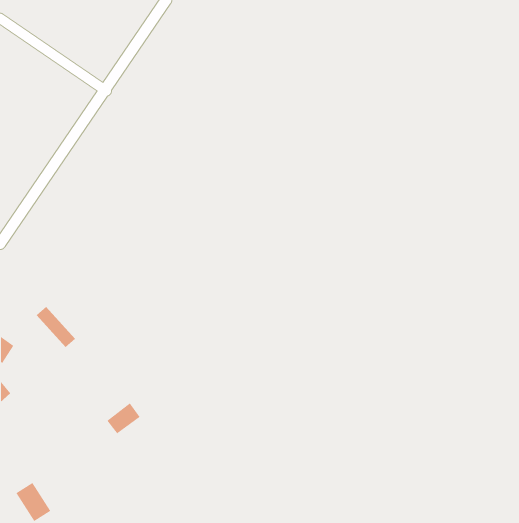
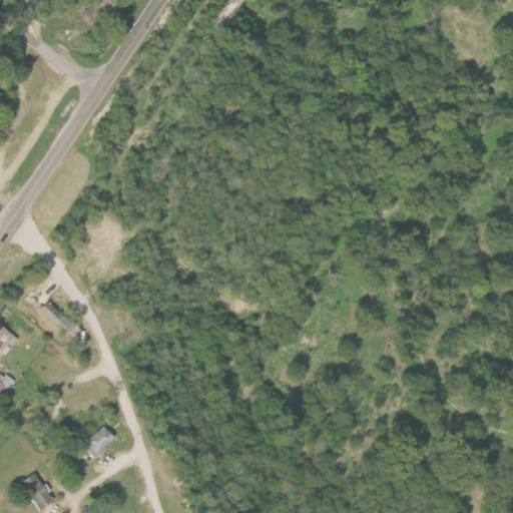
building: [107,403,140,434] -> [81,426,114,457]

